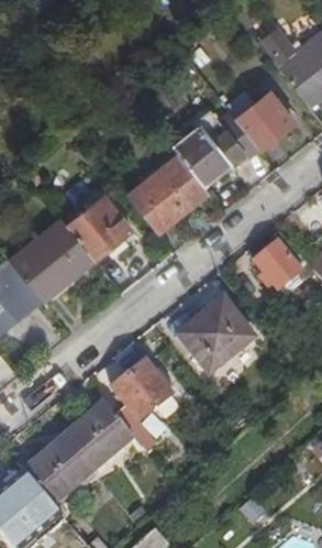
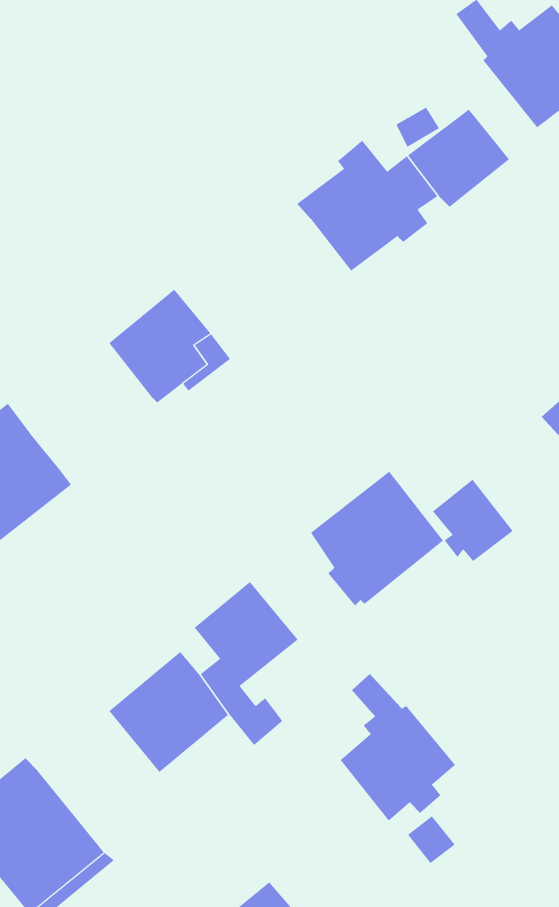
building: [127,153,207,230] -> none
building: [9,217,88,295] -> none
building: [256,240,302,287] -> [432,479,514,562]
building: none -> [340,673,456,821]
building: [25,432,93,502] -> none

